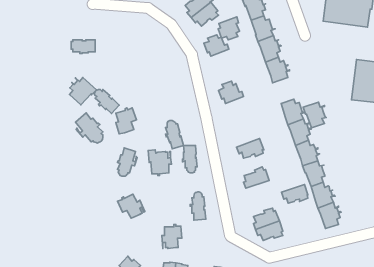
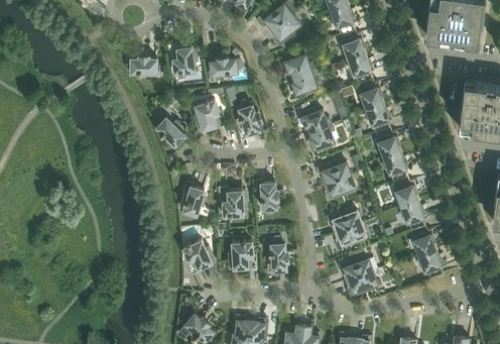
building: [218,17,239,40] -> [291,70,317,97]
building: none -> [172,46,197,75]
building: none -> [210,59,242,76]
building: [69,78,97,105] -> none
building: none -> [308,125,334,152]
building: [303,102,326,128] -> [365,103,392,133]
building: [116,108,136,134] -> [195,100,219,130]
building: [76,113,103,143] -> none
building: [165,121,183,149] -> [238,101,259,134]
building: none -> [321,159,350,185]
building: [281,184,308,203] -> [334,224,365,246]
building: [162,224,182,248] -> [229,240,252,268]

